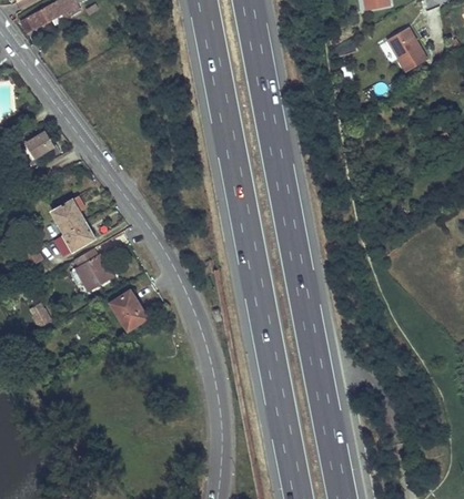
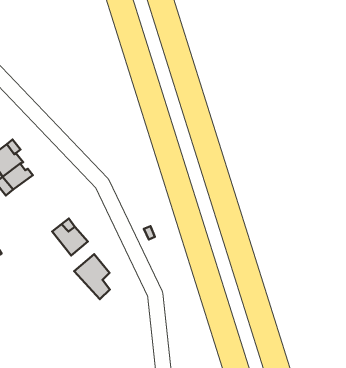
building: [73,248,113,292] -> none
building: none -> [74,254,110,299]

